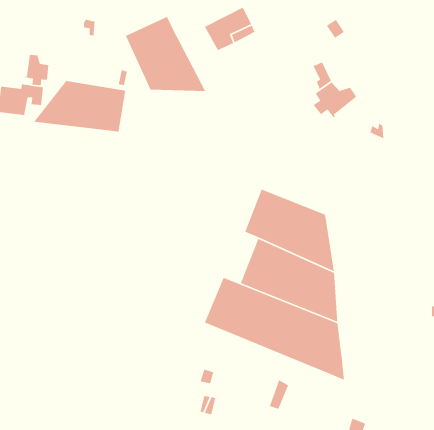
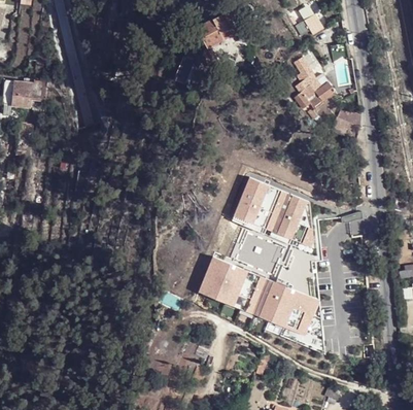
building: [125,16,207,92] -> none
building: [24,54,49,86] -> none
building: [33,80,126,133] -> none

